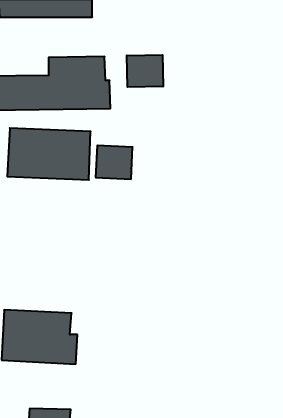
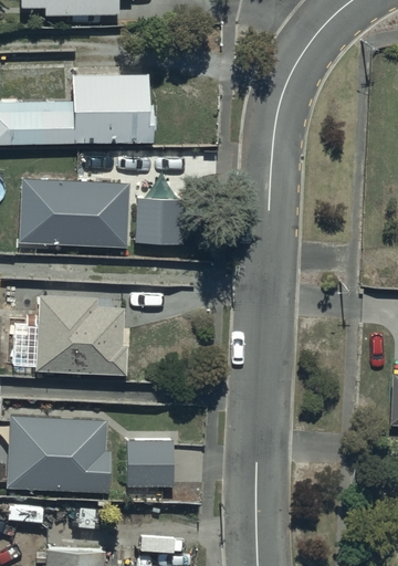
building: [127,55,163,87] -> none
building: none -> [36,296,128,377]
building: none -> [126,439,171,485]

